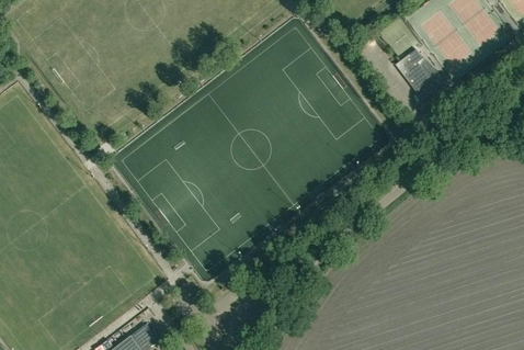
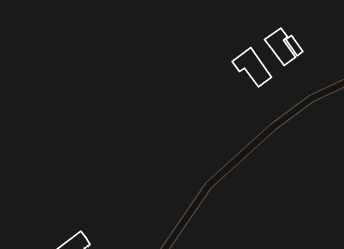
building: none -> [232,48,272,87]

